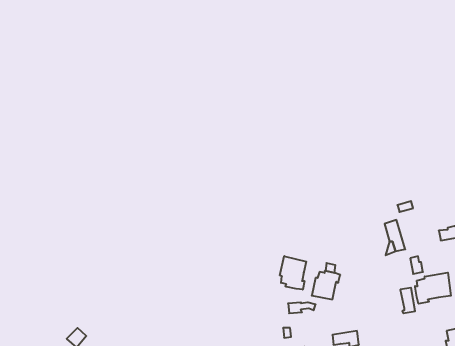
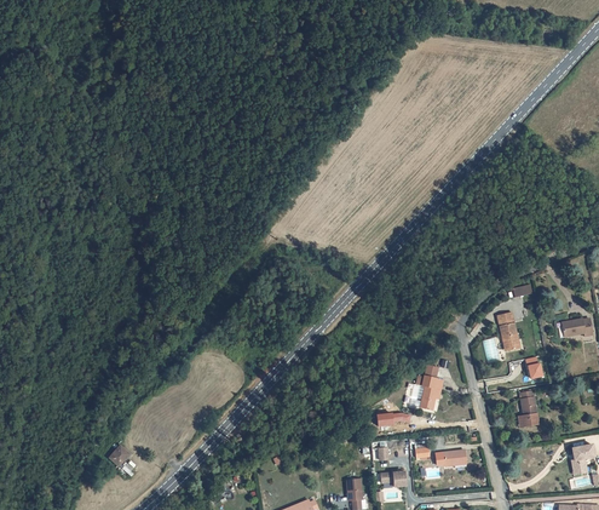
building: [280,256,306,290] -> none
building: [415,273,451,304] -> none

